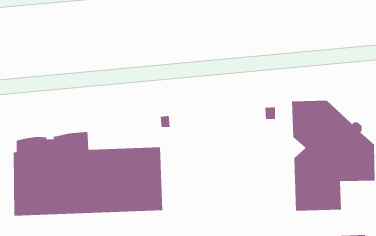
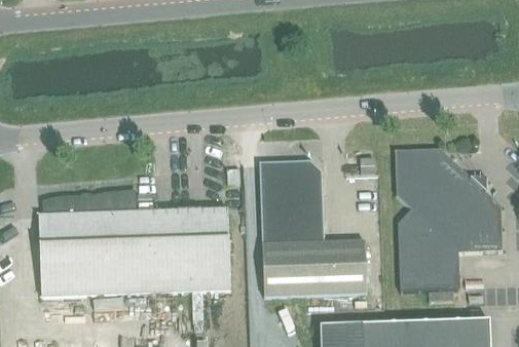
building: none -> [259,159,367,296]

